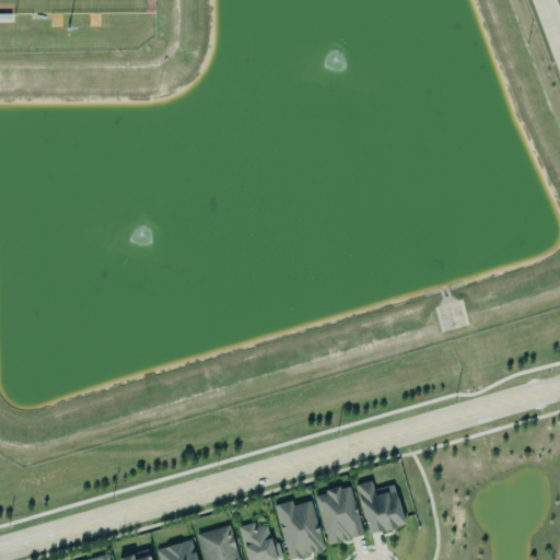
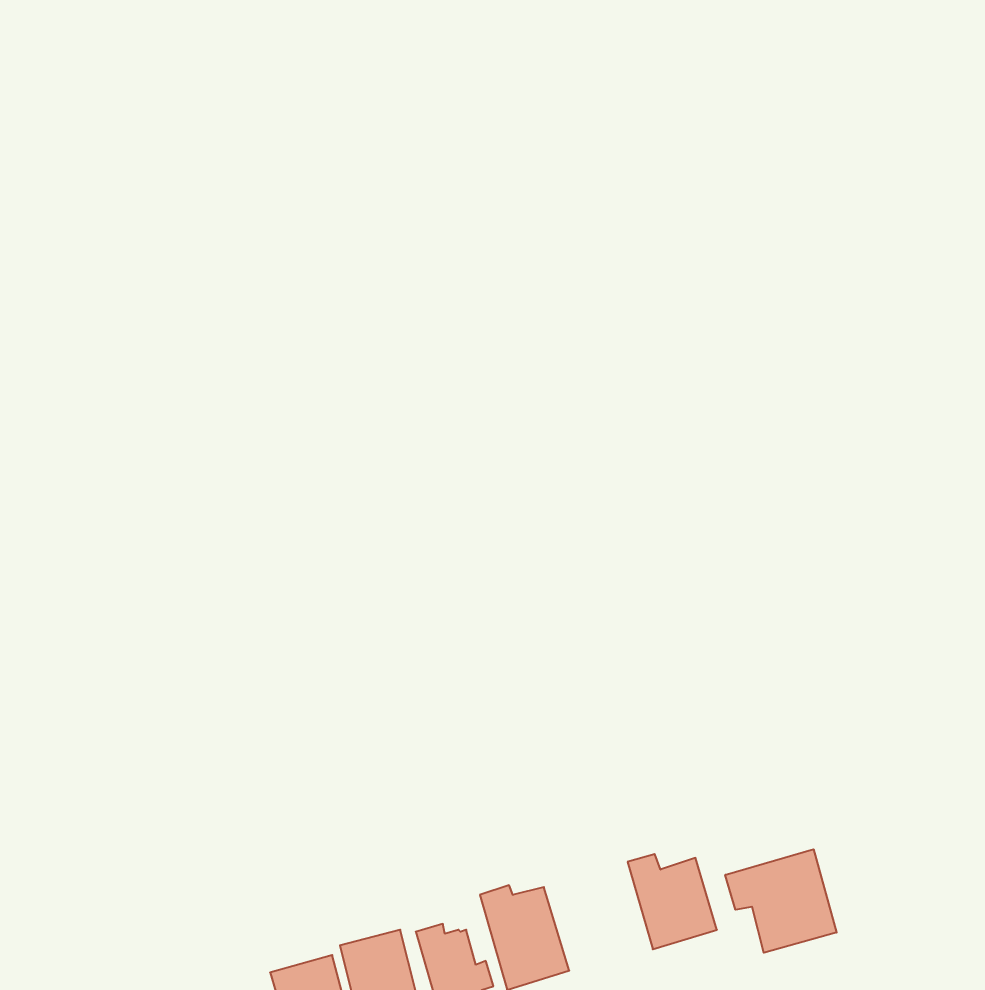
building: none -> [725,849,837,953]
building: [314,486,364,545] -> none

